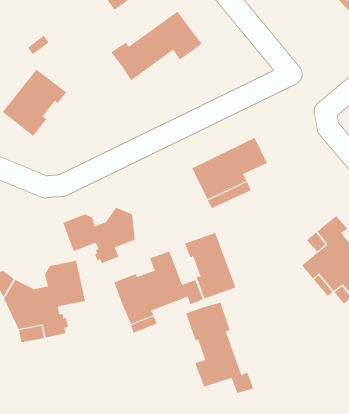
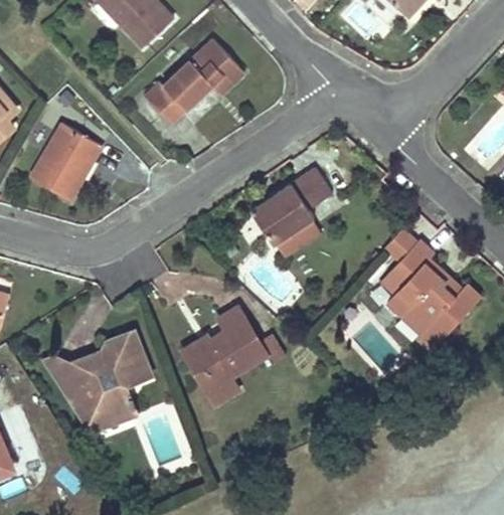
building: [63,207,135,264] -> none
building: [184,232,236,300] -> none
building: [185,302,254,394] -> none

